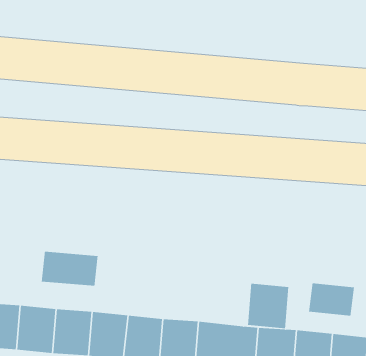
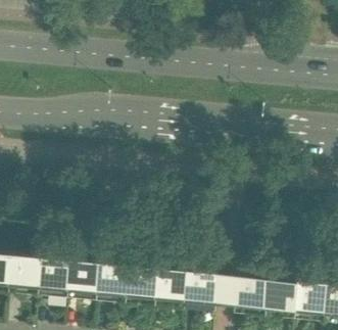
building: [41,251,98,287] -> none
building: [308,283,354,317] -> none
building: [247,283,289,329] -> none

